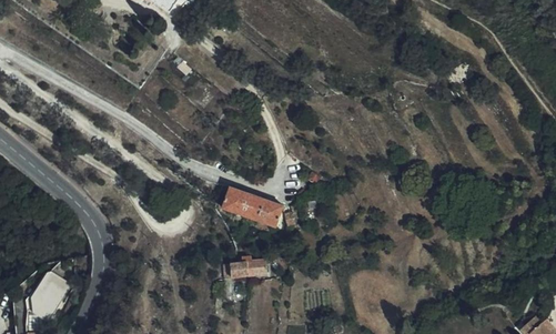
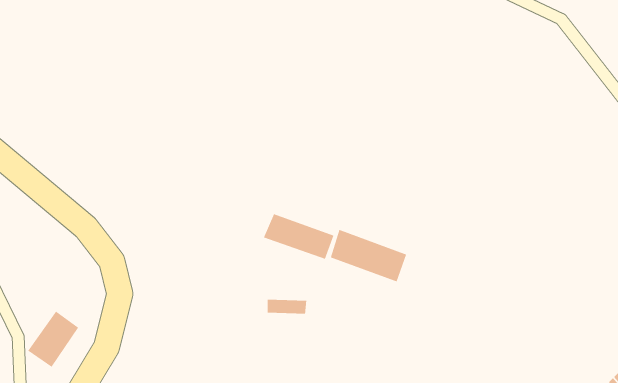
building: none -> [330,229,407,282]

